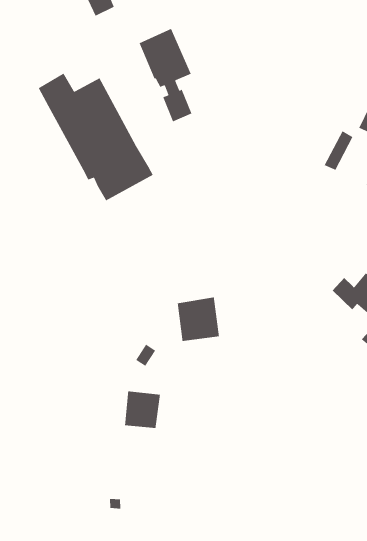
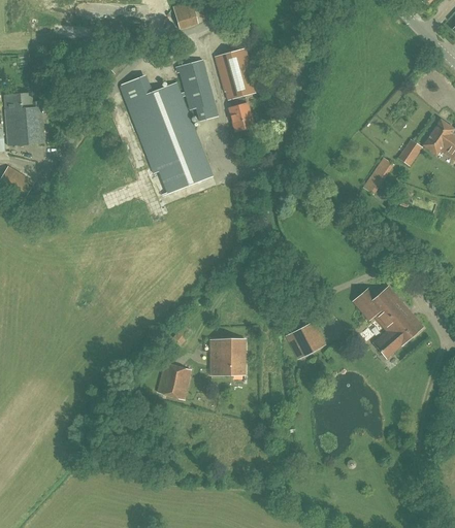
building: none -> [177,60,217,121]
building: [177,296,220,342] -> [209,338,243,374]
building: none -> [288,321,326,357]

